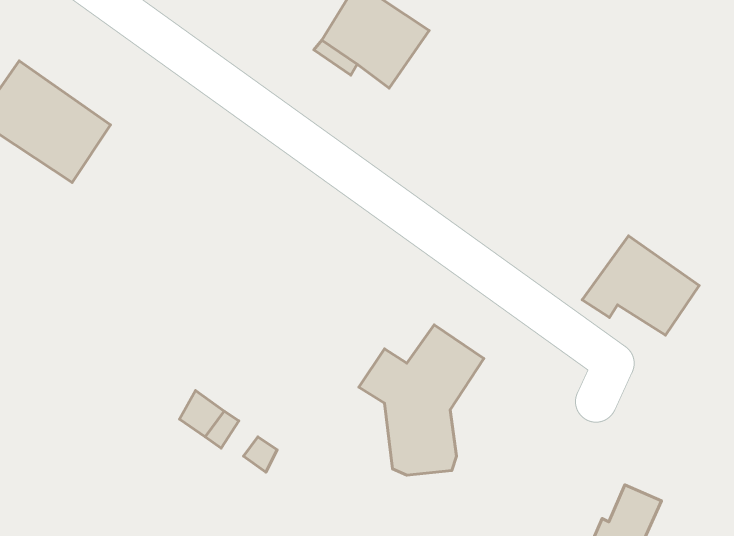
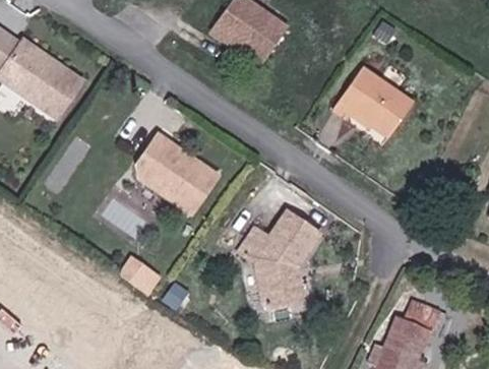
building: none -> [139,130,219,206]
building: [582,236,699,335] -> [339,61,413,124]

